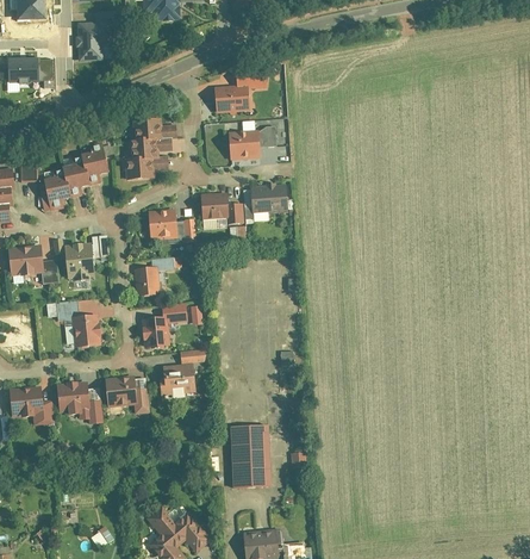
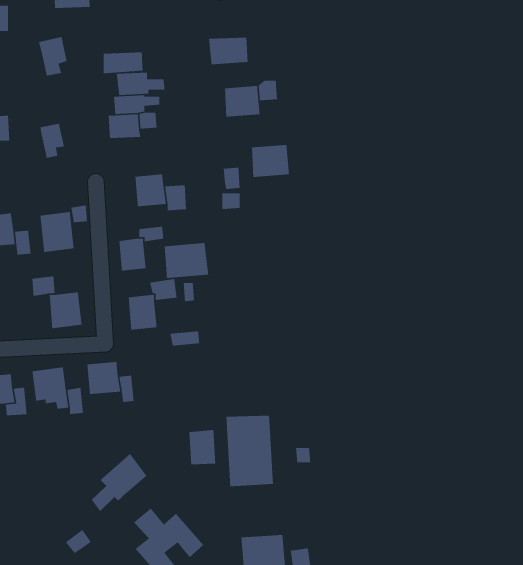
building: none -> [103,52,143,74]
building: [80,149,106,185] -> [38,36,68,76]
building: [45,174,70,209] -> none
building: [202,191,229,218] -> none
building: none -> [164,242,209,279]
building: [161,364,195,393] -> none
building: none -> [189,429,216,465]
building: none -> [91,453,148,512]

